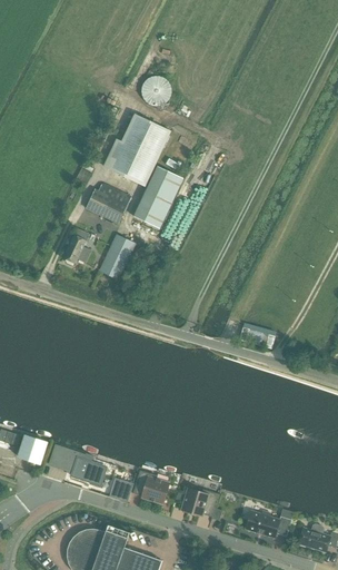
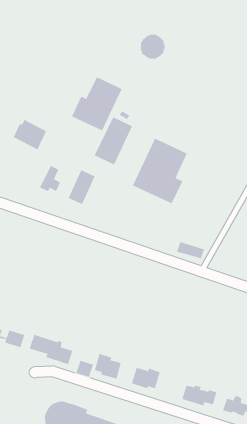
building: [141,75,173,107] -> [140,34,165,59]
building: [86,184,129,224] -> [13,119,47,150]
building: none -> [132,138,188,204]

